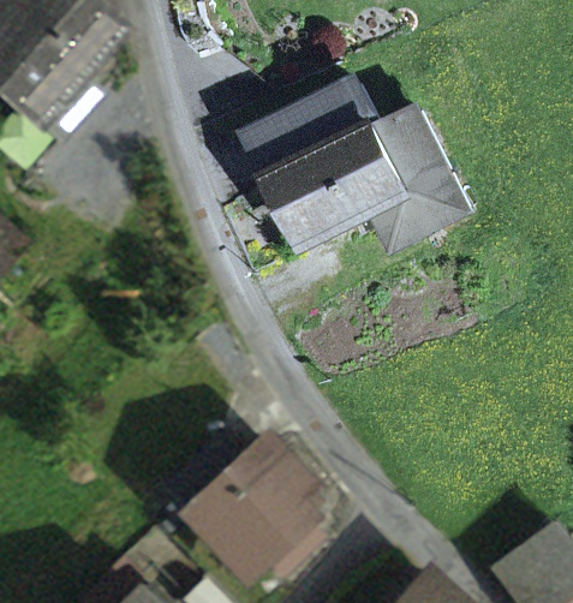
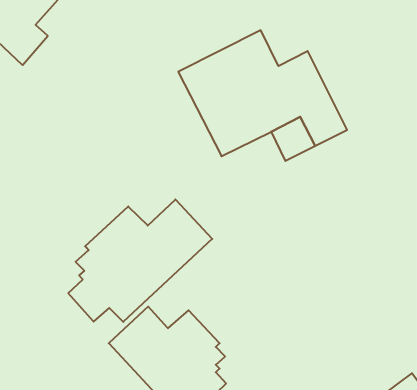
building: none -> [68,199,212,322]

